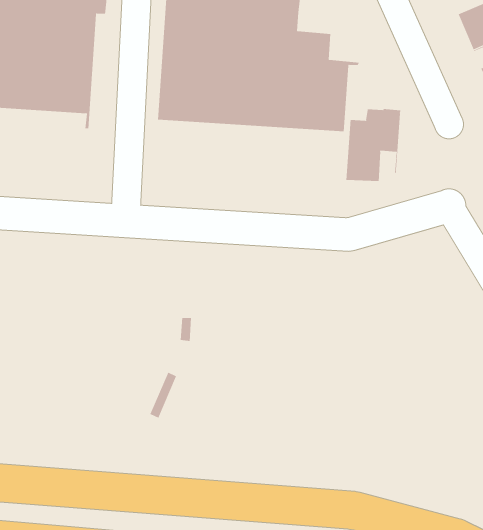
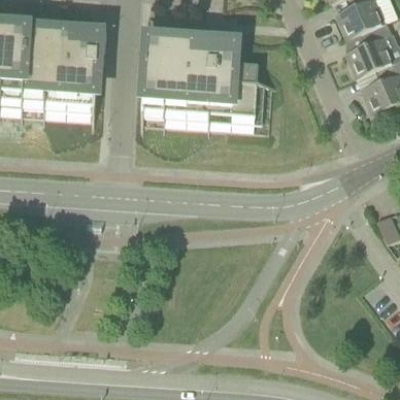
building: [346,108,401,182] -> none

